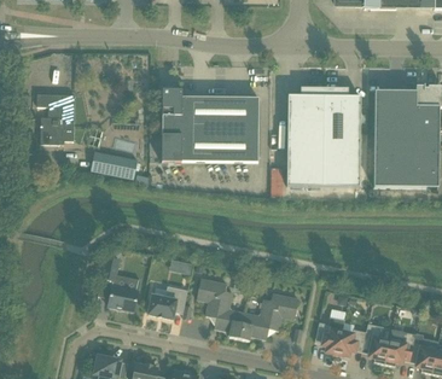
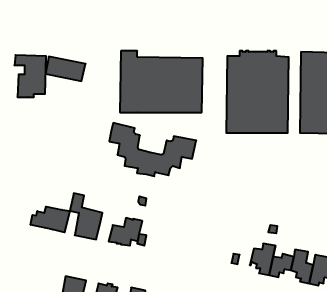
building: [91,150,138,179] -> [46,57,86,81]
building: none -> [31,207,70,232]
building: [196,278,298,340] -> [109,123,196,176]

